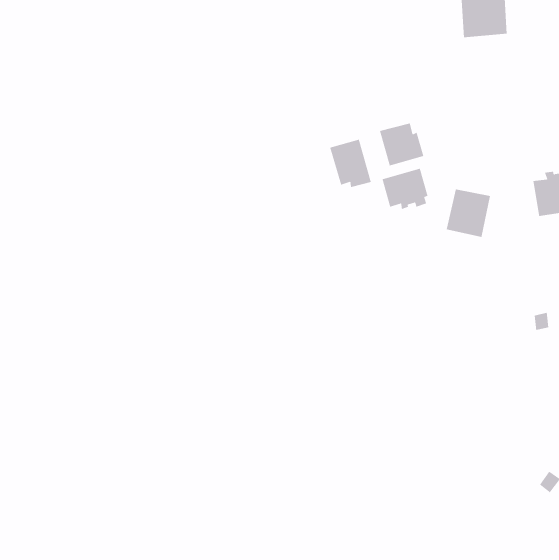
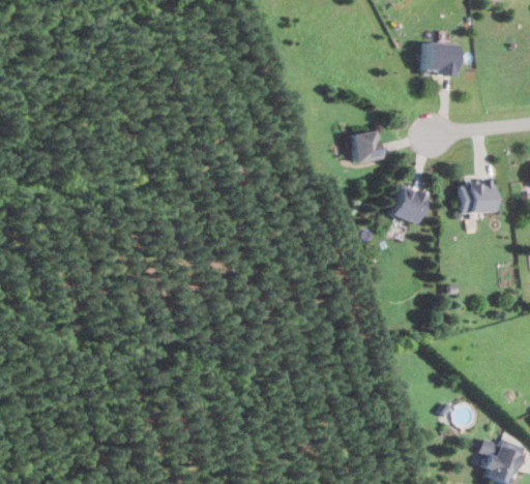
building: [329,139,371,188] -> none
building: [382,168,428,210] -> none

